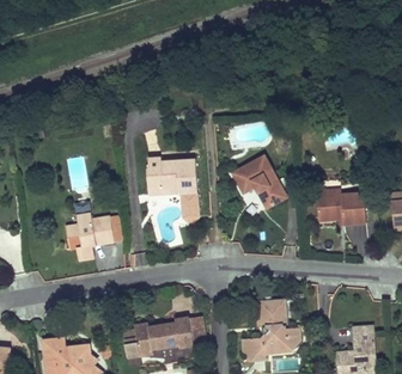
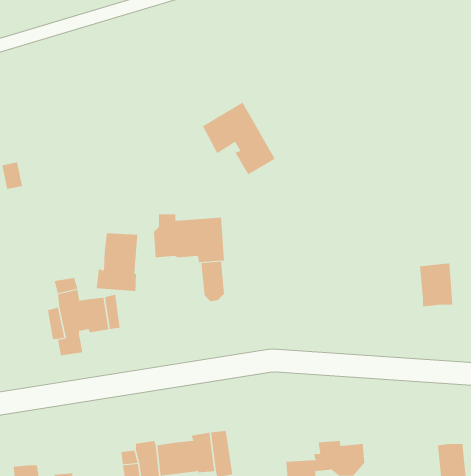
building: [233,157,287,210] -> [202,102,275,175]
building: none -> [96,233,138,292]
building: [315,196,342,221] -> none
building: [258,299,286,327] -> none

